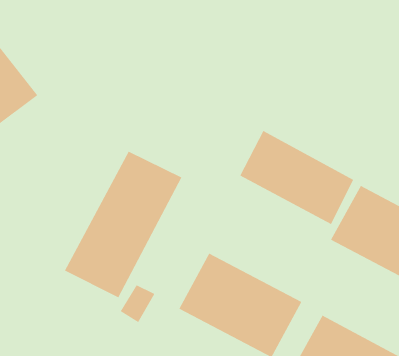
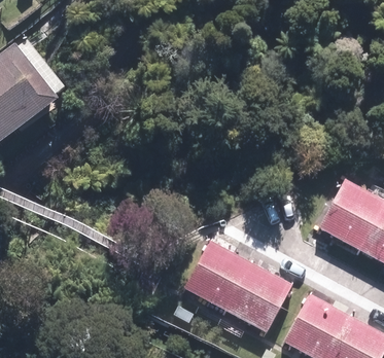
building: [240,130,354,225] -> none
building: [64,151,182,298] -> none

